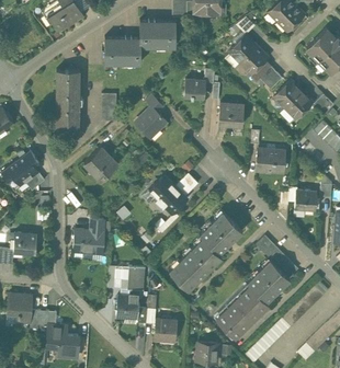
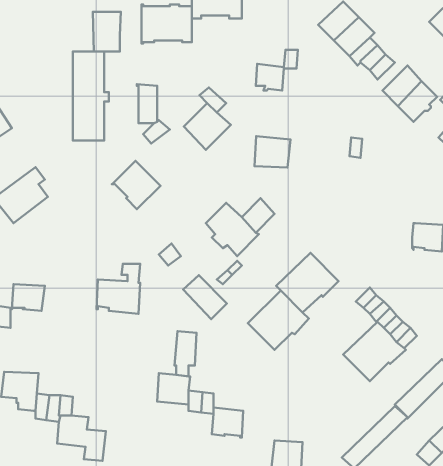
building: none -> [93,12,121,51]
building: [219,103,245,125] -> [255,136,291,168]
building: [256,149,286,173] -> none
building: [169,261,200,291] -> [183,275,227,319]
building: [216,286,269,338] -> none

